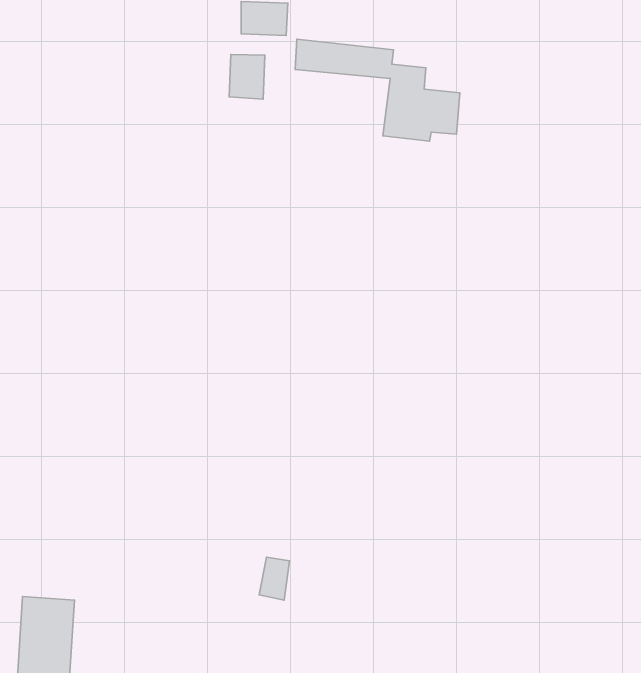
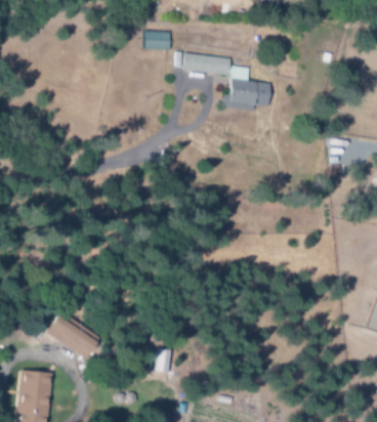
building: [229,54,265,99] -> none
building: none -> [44,310,93,355]

